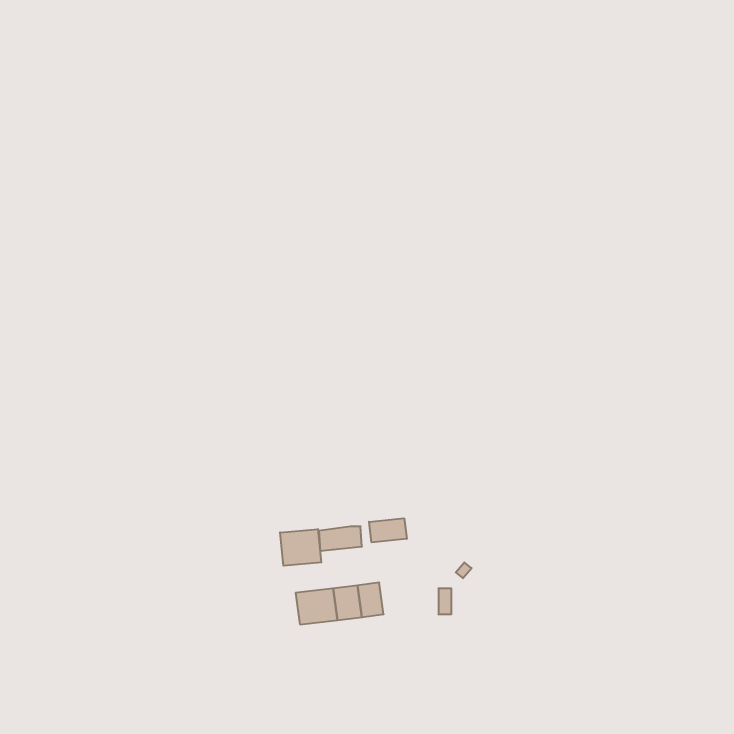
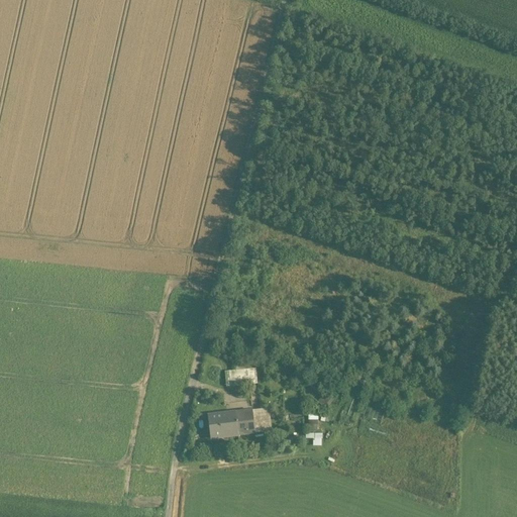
building: [369,518,407,542] -> none
building: [280,529,321,566] -> none

